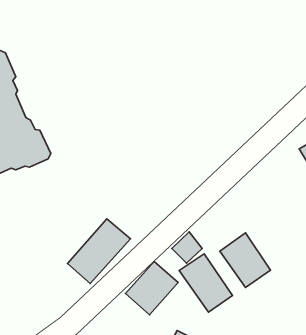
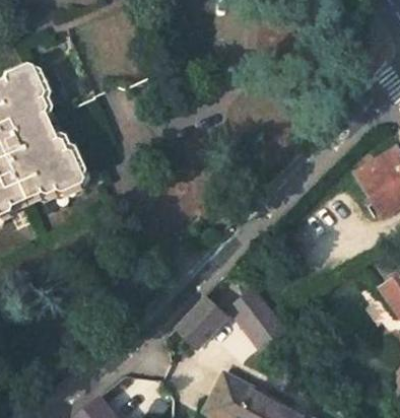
building: [67,219,131,284] -> none
building: [220,233,271,288] -> none

